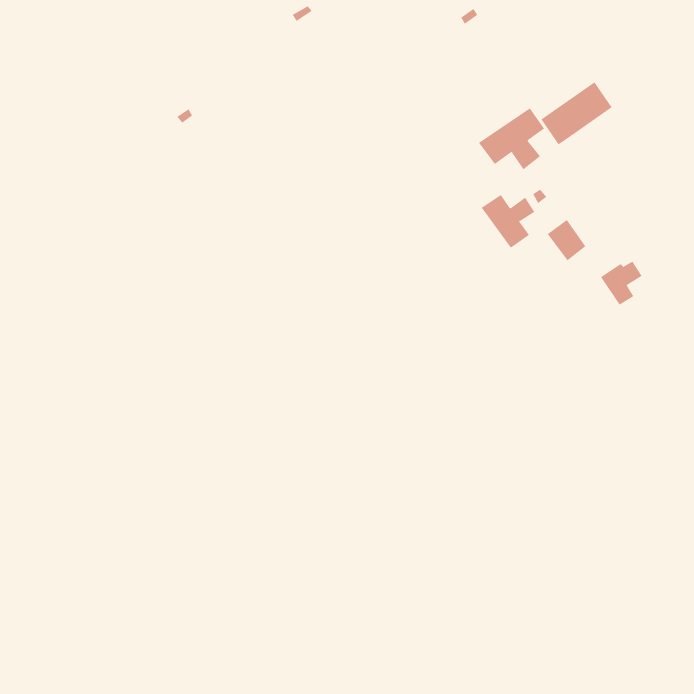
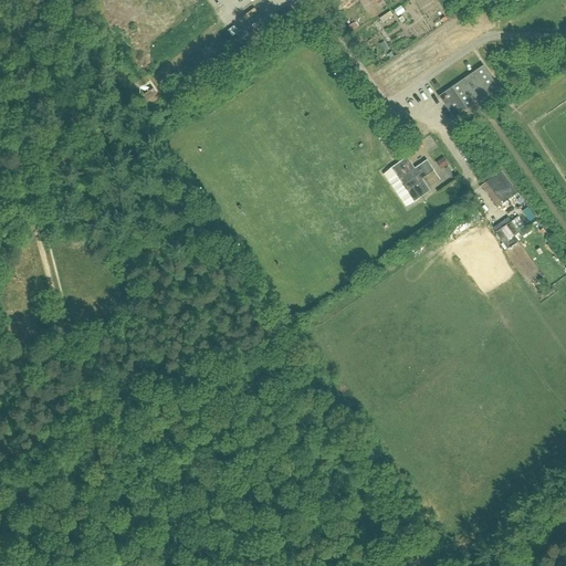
building: [478,107,545,170] -> none
building: [547,219,586,261] -> [485,170,517,205]

